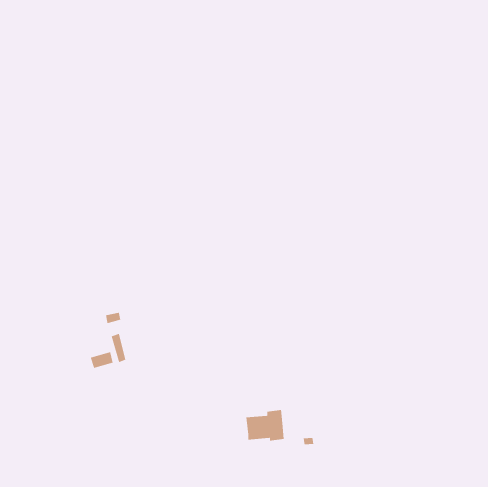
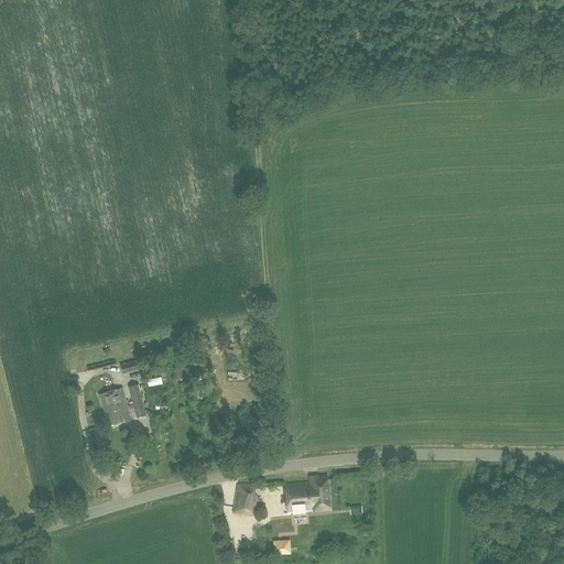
building: none -> [99,388,128,412]
building: none -> [232,484,257,513]

